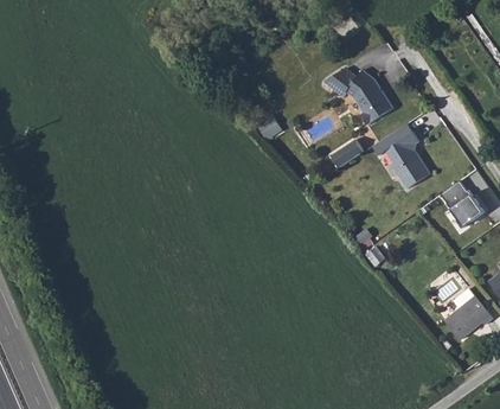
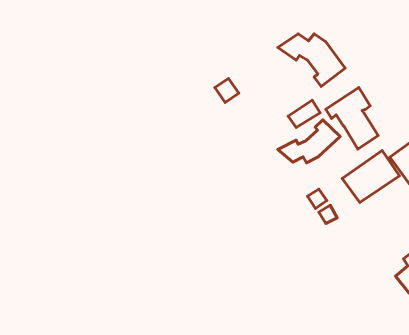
building: none -> [278,120,340,163]
building: none -> [342,150,399,203]

